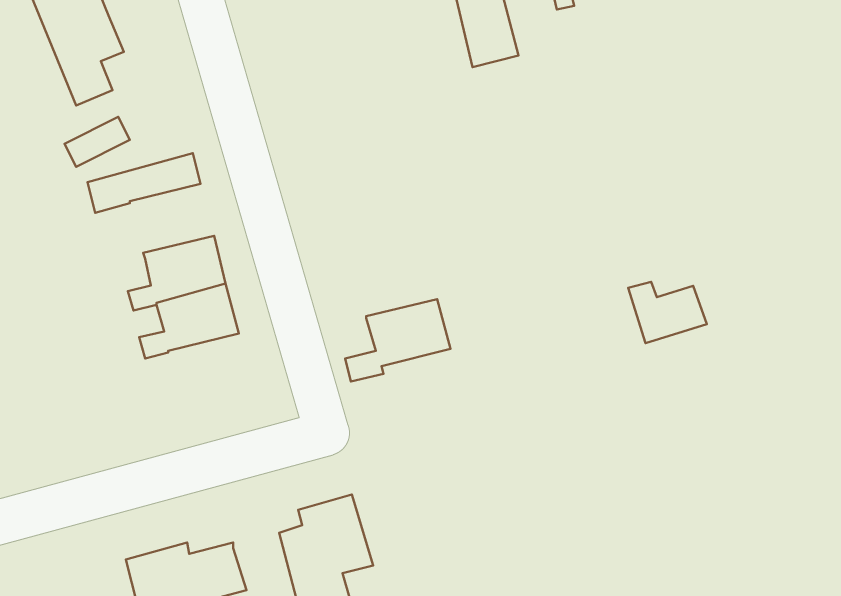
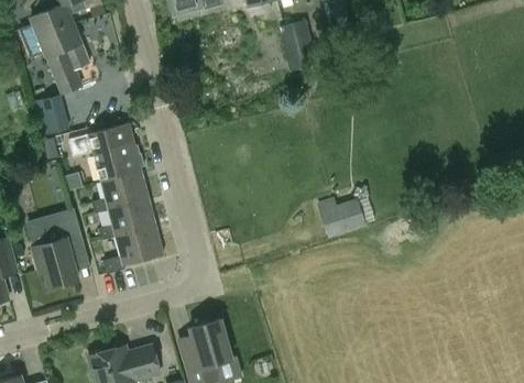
building: none -> [92,140,144,179]
building: [628,282,707,343] -> [319,200,364,236]
building: [345,299,451,381] -> [102,226,163,273]
building: none -> [33,218,90,287]

